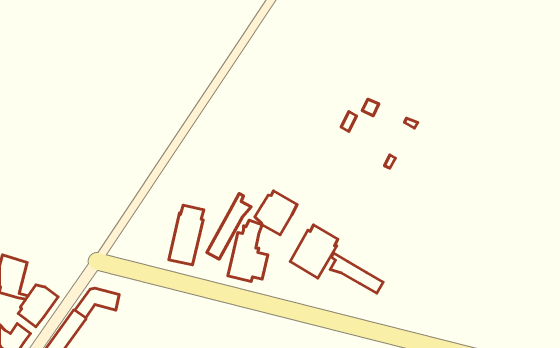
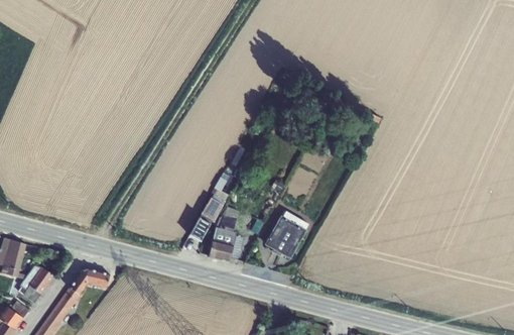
building: [255,191,297,235] -> none
building: [169,205,204,265] -> none
building: [330,253,383,293] -> none

